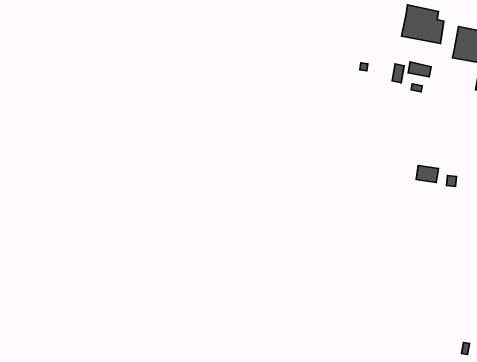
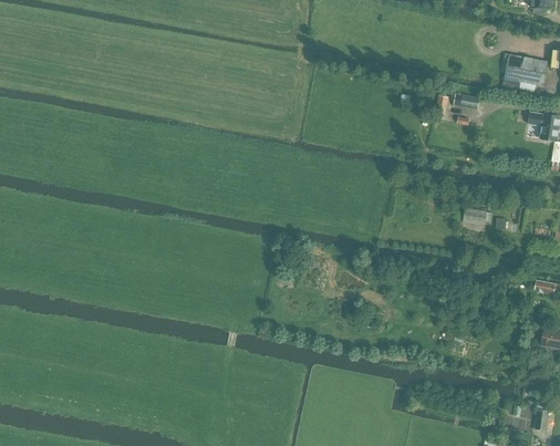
building: [402,5,444,44] -> none

